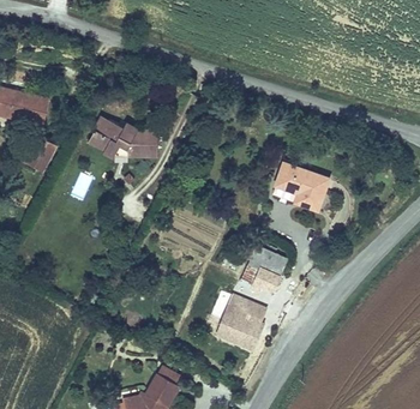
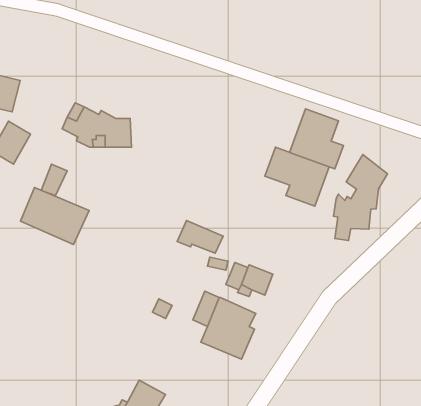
building: none -> [290,109,343,169]
building: none -> [333,154,388,240]
building: none -> [21,188,89,245]
building: [246,243,288,273] -> [177,221,223,253]

